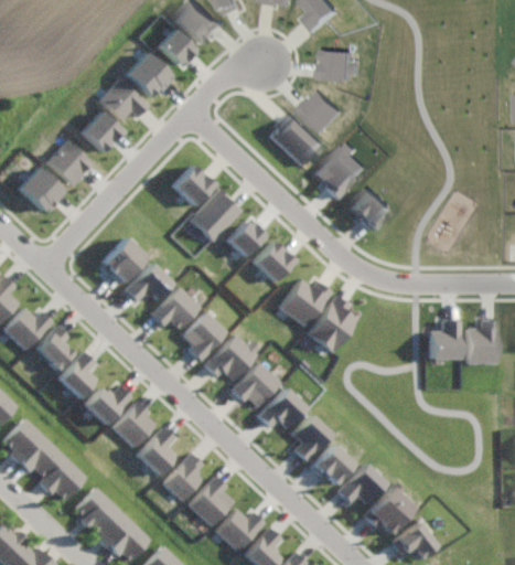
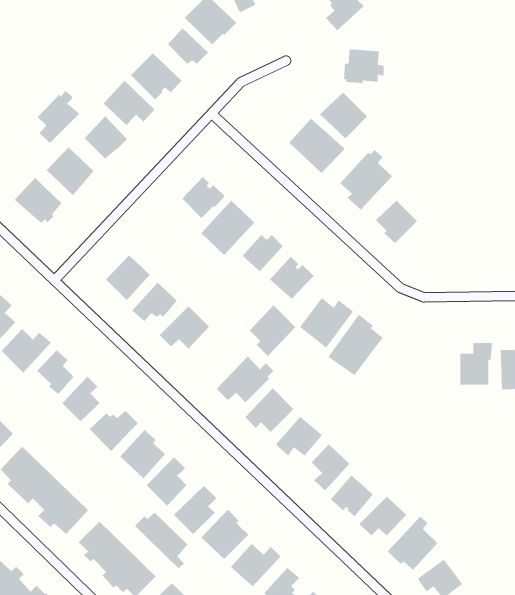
building: none -> [37,90,80,144]
building: [181,312,225,361] -> [249,304,296,357]
building: none -> [134,512,188,569]

